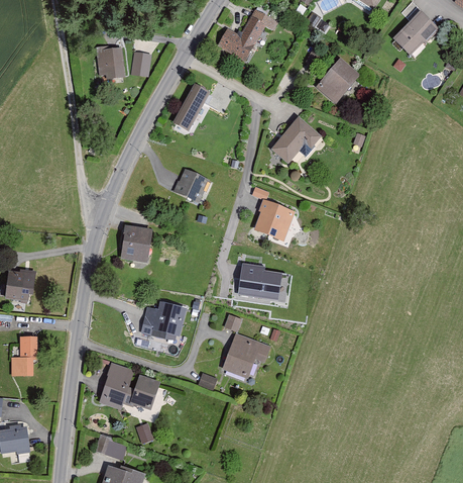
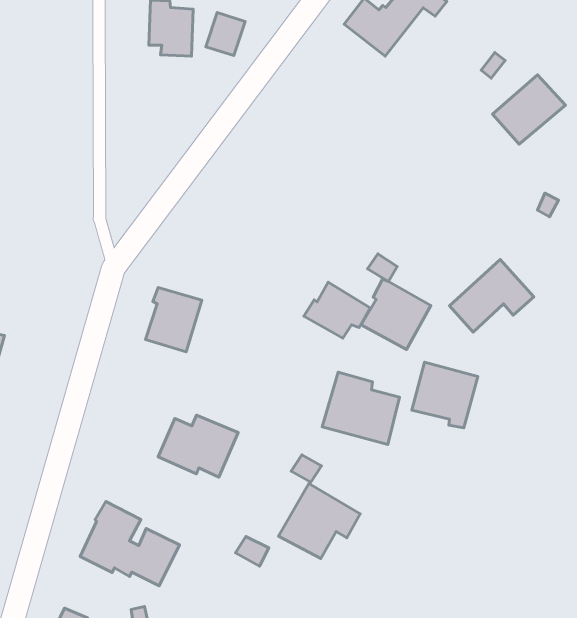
building: [173,85,211,132] -> none
building: [271,116,323,164] -> [449,259,534,332]
building: [172,169,213,202] -> [304,282,370,338]
building: none -> [412,362,478,428]

